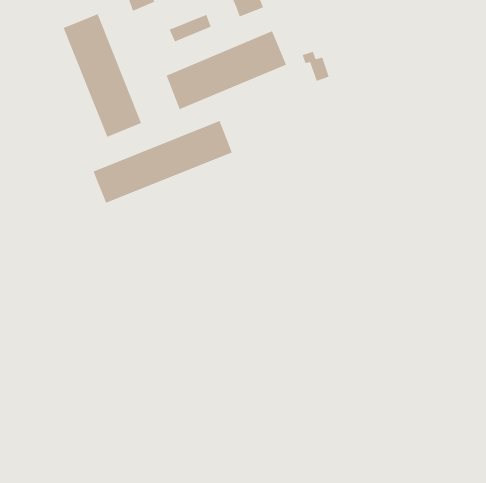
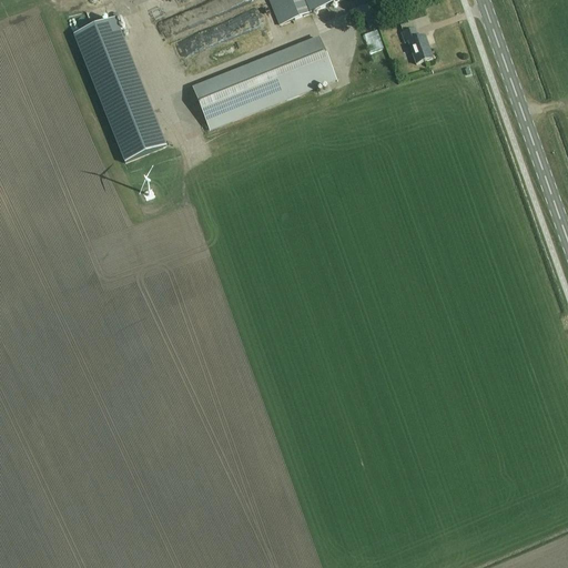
building: [302,51,330,82] -> [399,24,432,60]
building: [93,120,233,204] -> none

